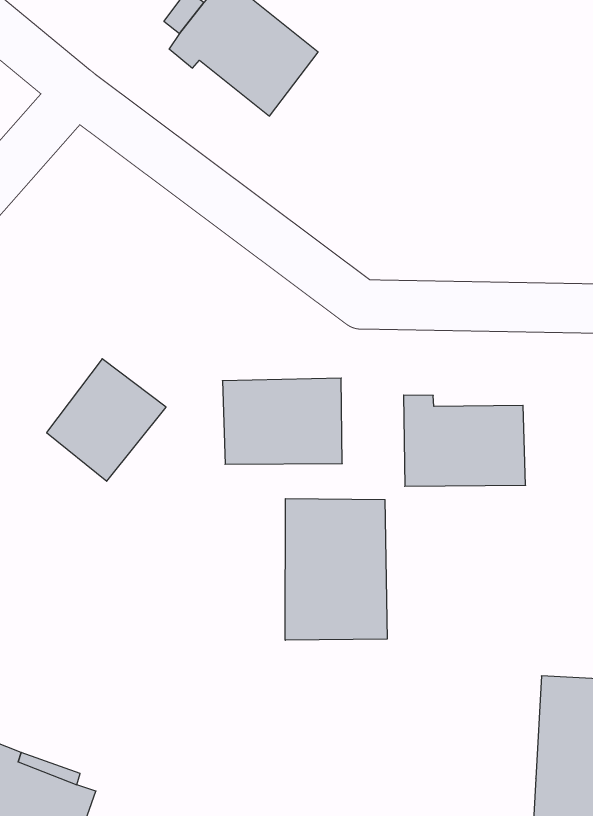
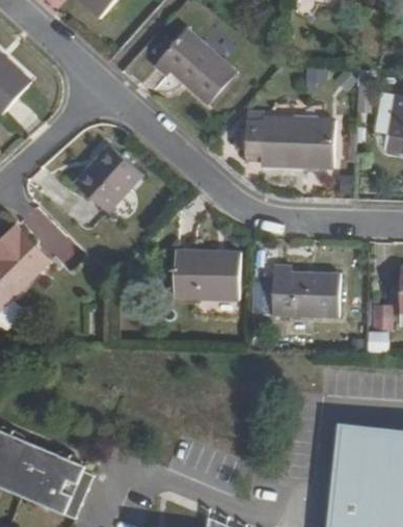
building: none -> [242,118,333,169]
building: [47,359,166,481] -> [77,144,144,213]
building: [285,499,387,640] -> none

